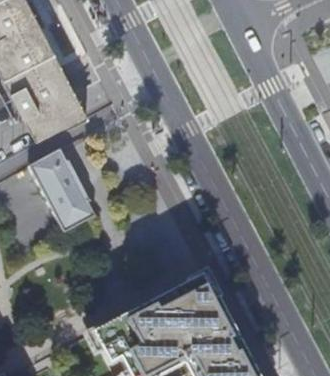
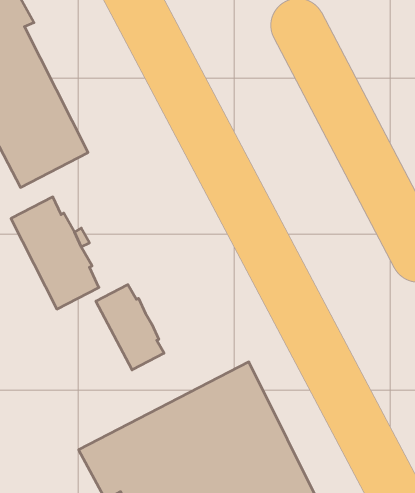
building: none -> [96,285,164,370]

